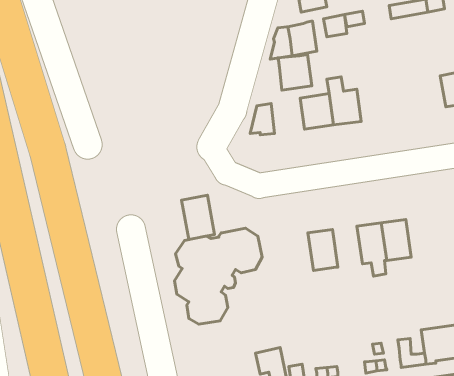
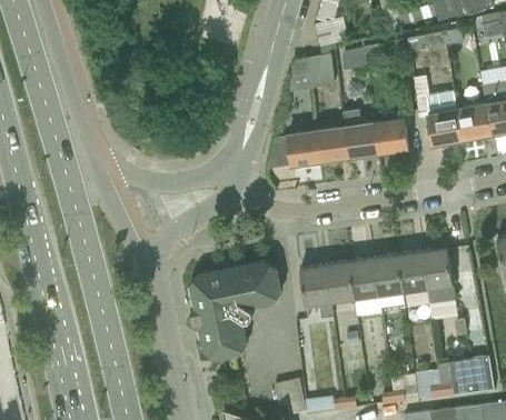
building: [277,55,312,90] -> [287,131,321,167]
building: none -> [424,91,463,146]
building: none -> [374,119,408,154]
building: [182,195,214,239] -> none
building: none -> [423,249,455,303]
building: none -> [349,259,380,318]
building: none -> [300,266,333,319]

